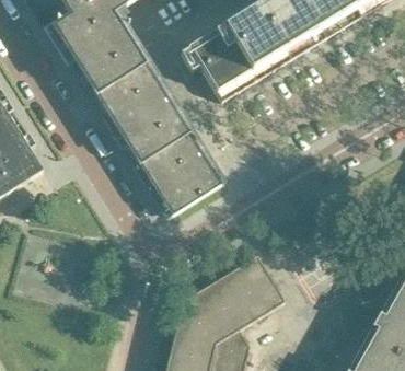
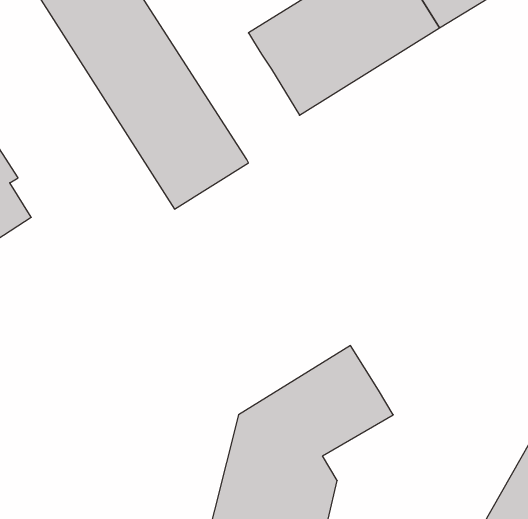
building: [139,127,223,213] -> none

